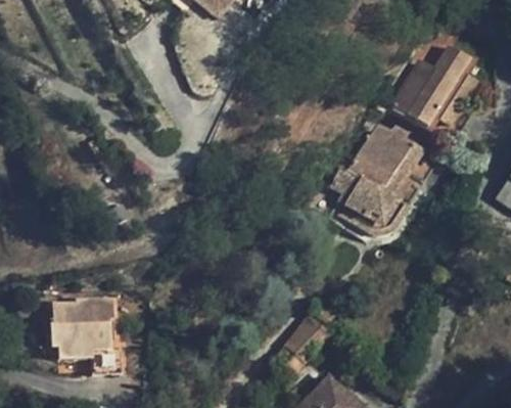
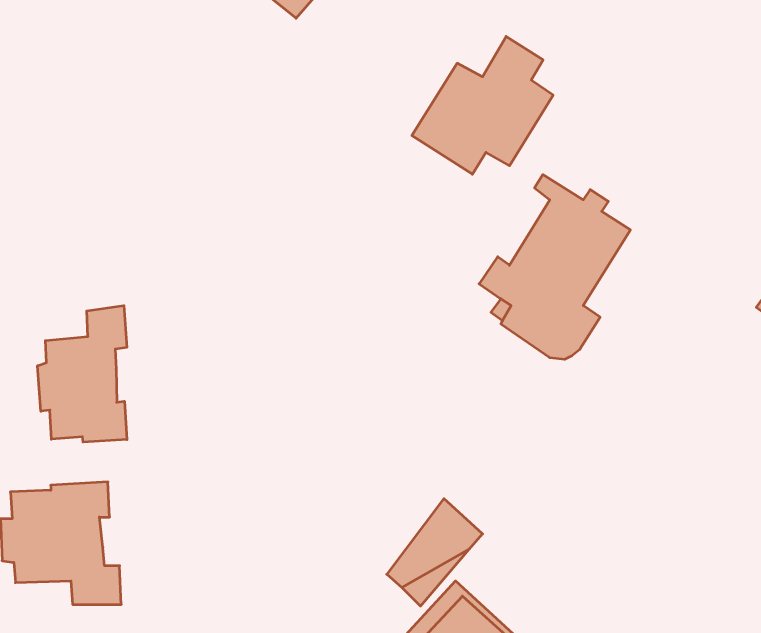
building: [394,43,480,127] -> [412,36,553,174]
building: none -> [38,306,127,442]

